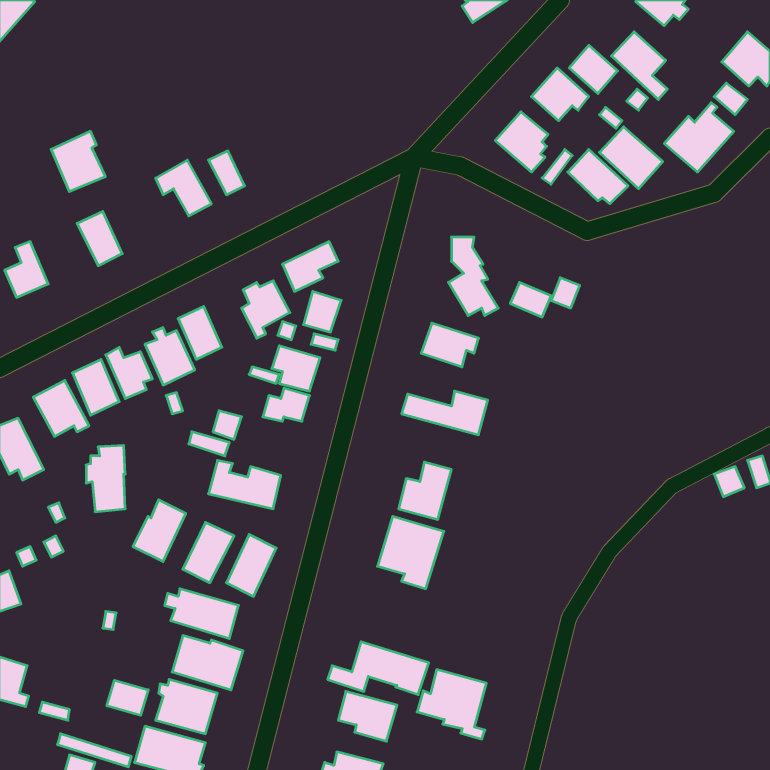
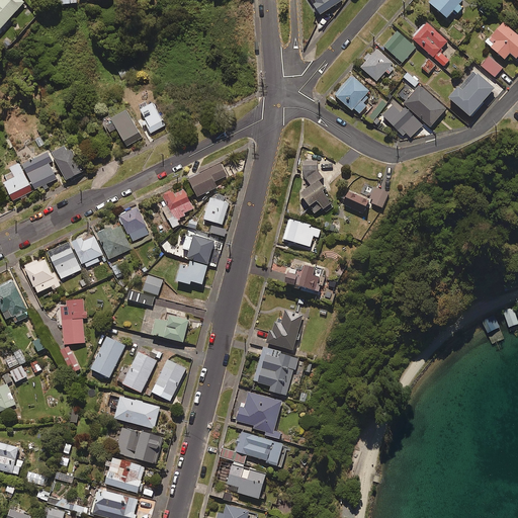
building: [51,131,105,192] -> [20,151,57,191]
building: [417,670,486,739] -> [236,392,282,438]
building: [107,680,148,715] -> none

